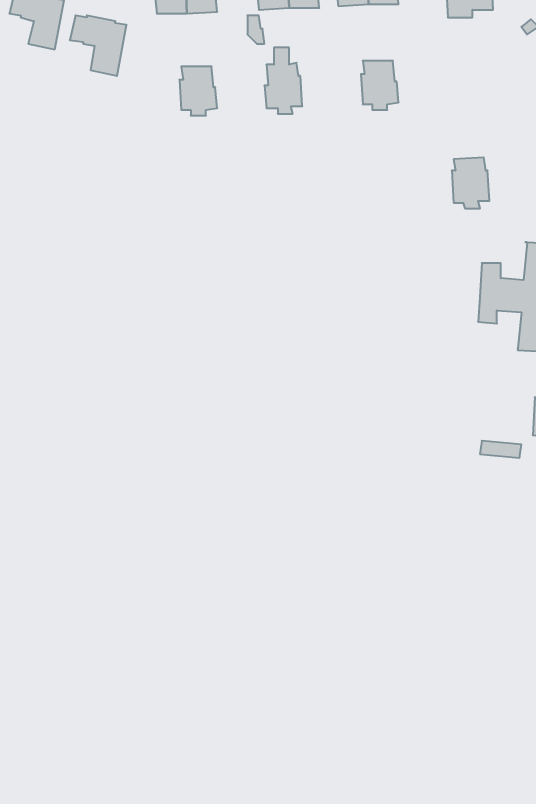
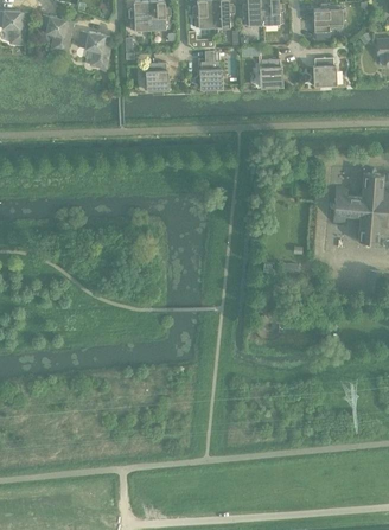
building: [452,157,489,208] -> [312,56,336,88]

